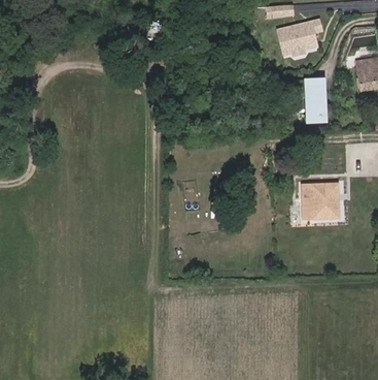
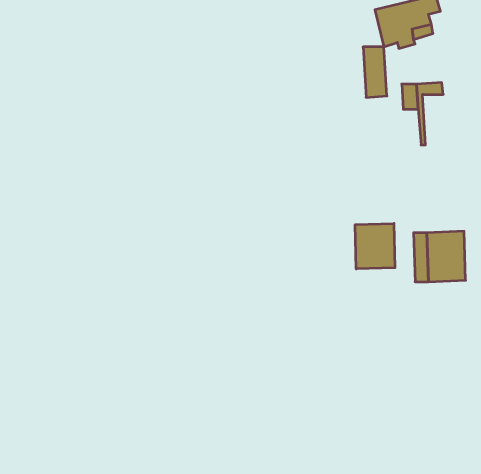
building: [309,89,325,124] -> [363,47,387,97]
building: none -> [355,223,395,269]

